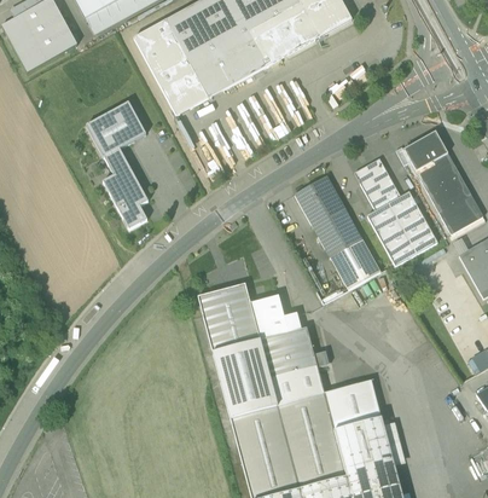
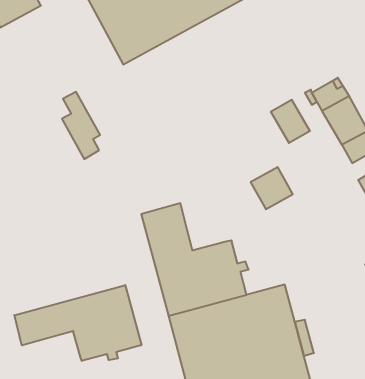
building: [86,100,146,156] -> none
building: [295,174,362,256] -> none
building: [367,190,437,265] -> none
building: [250,294,301,338] -> none
building: none -> [14,285,141,361]

